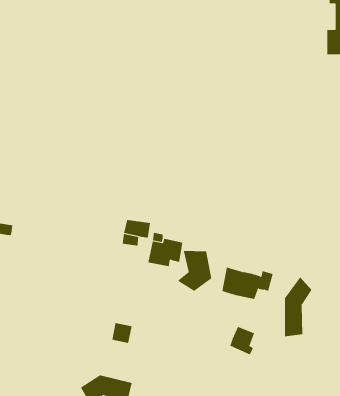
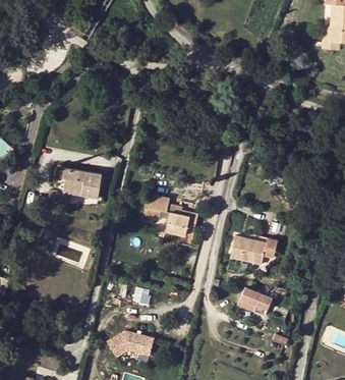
building: none -> [62,168,102,198]
building: [177,250,212,292] -> none
building: [285,276,312,337] -> none

